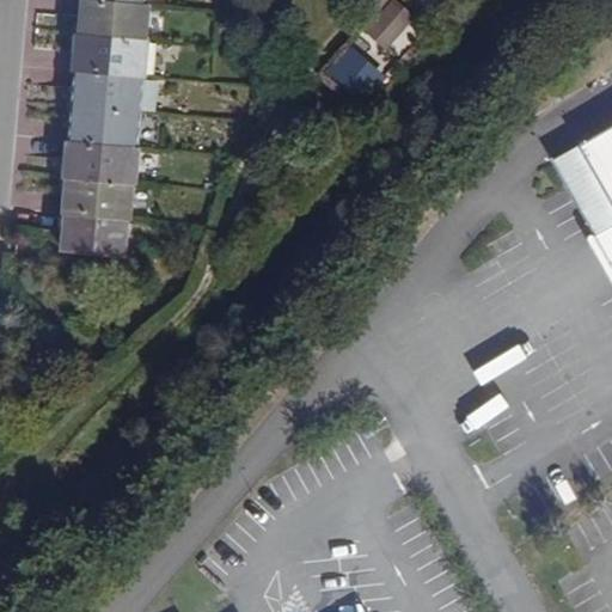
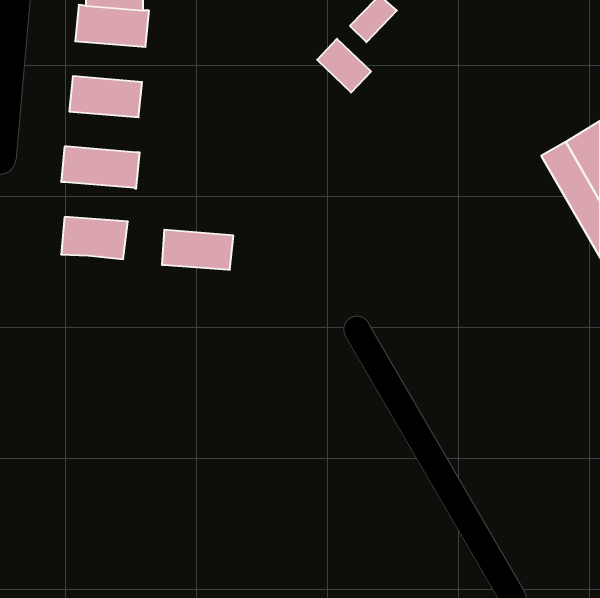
building: [71,41,151,84] -> none
building: [68,114,141,155] -> none
building: [63,185,136,226] -> [162,230,233,270]

